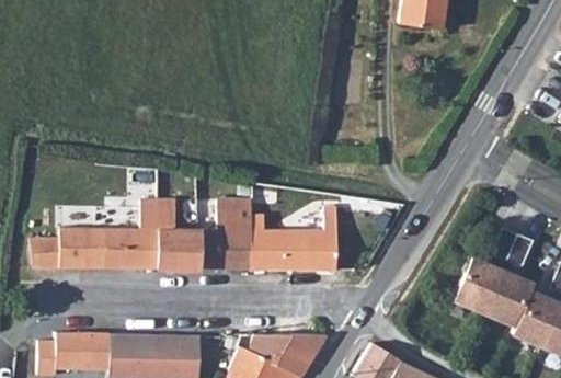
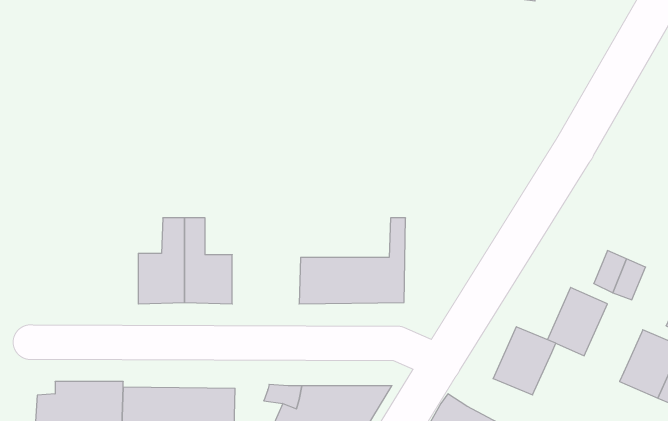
building: [198,201,253,270] -> none
building: [28,228,123,270] -> none
building: [481,270,531,324] -> [493,327,556,395]

